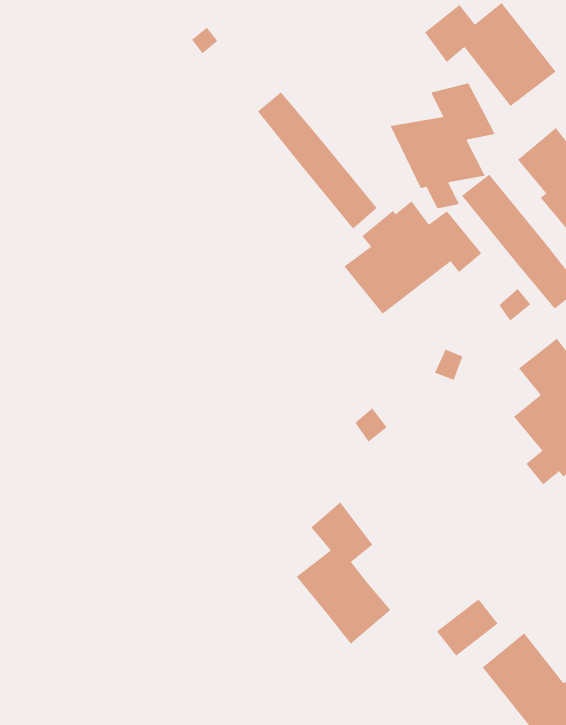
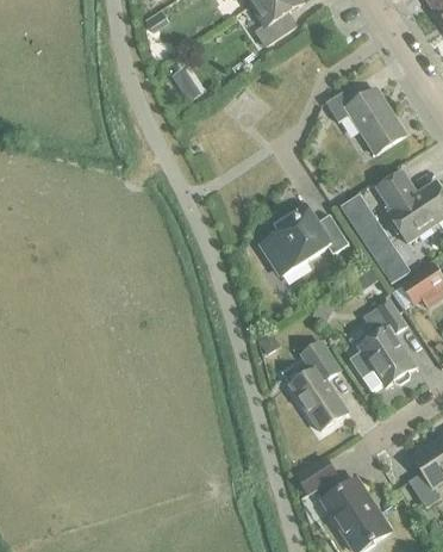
building: [390,82,496,209] -> none
building: [257,92,377,230] -> none
building: [296,502,391,644] -> [291,341,348,430]

